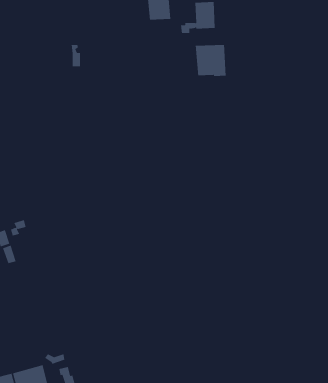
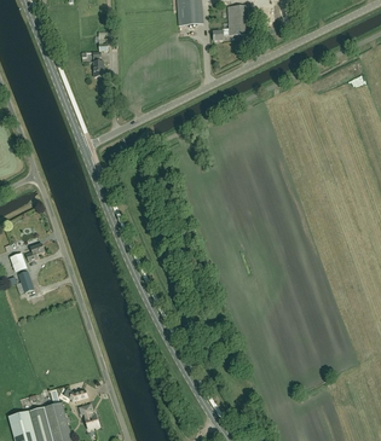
building: [195,44,226,77] -> none

